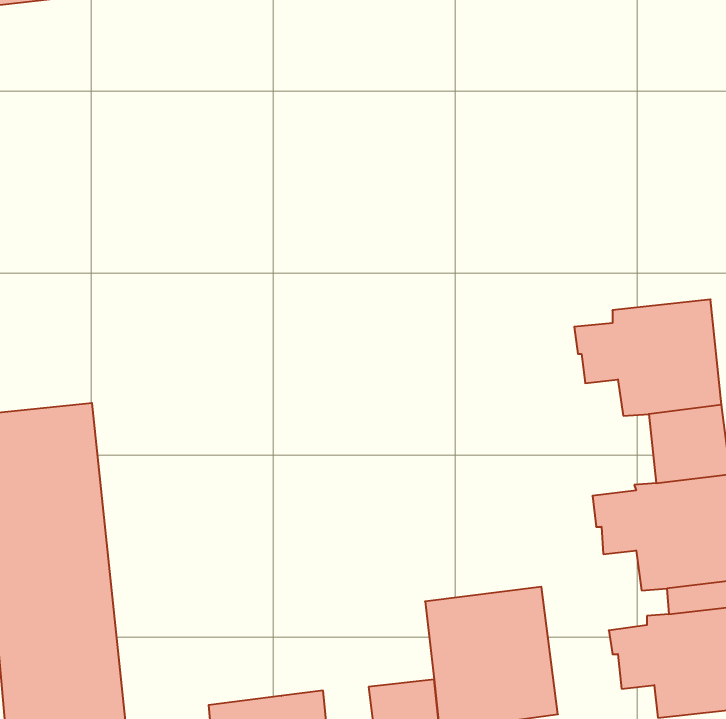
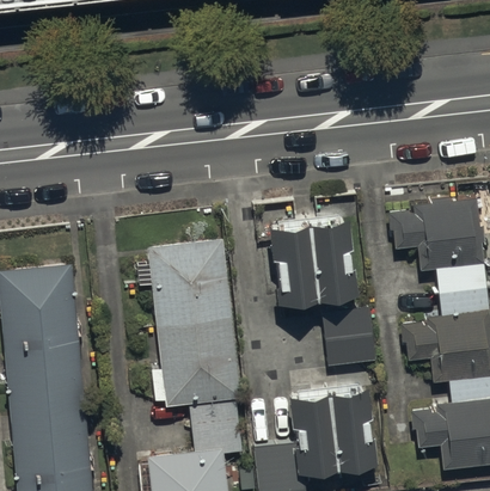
building: none -> [271,220,357,308]
building: none -> [145,238,241,409]
building: none -> [321,311,375,372]
building: none -> [190,405,244,458]

